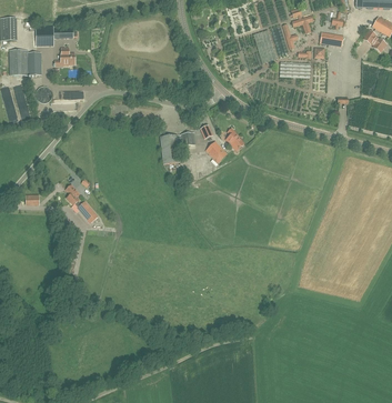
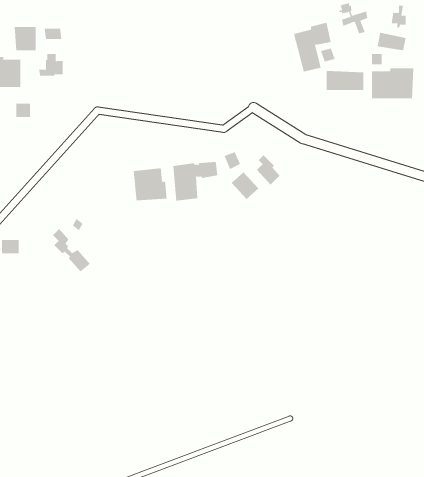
building: none -> [371,68,414,99]
building: none -> [133,168,167,201]

